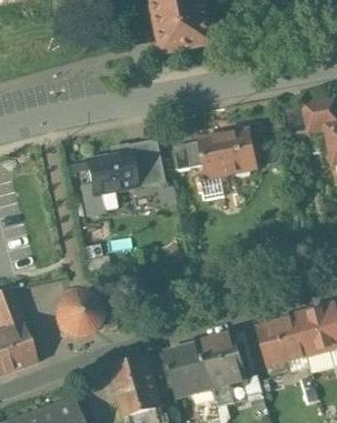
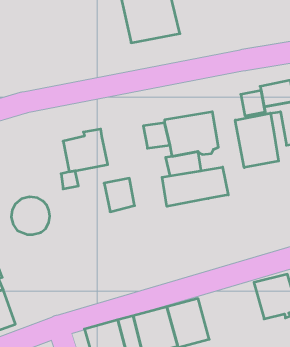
building: none -> [235,113,279,168]
building: [128,150,161,187] -> [104,178,135,212]
building: none -> [162,167,228,206]
building: [53,296,96,338] -> [11,197,50,235]
building: [255,315,306,366] -> none

